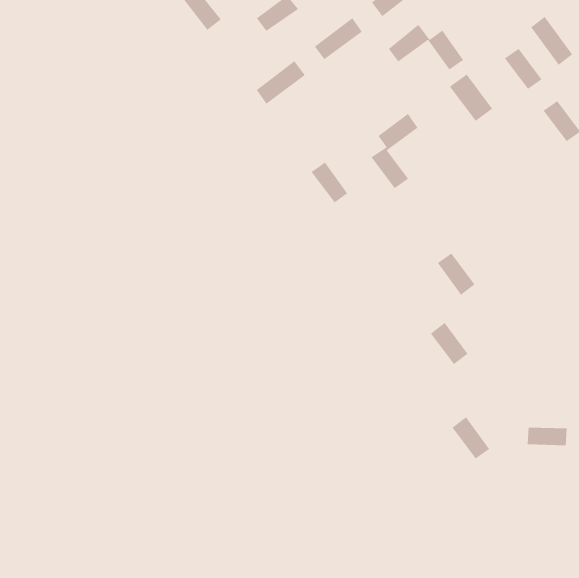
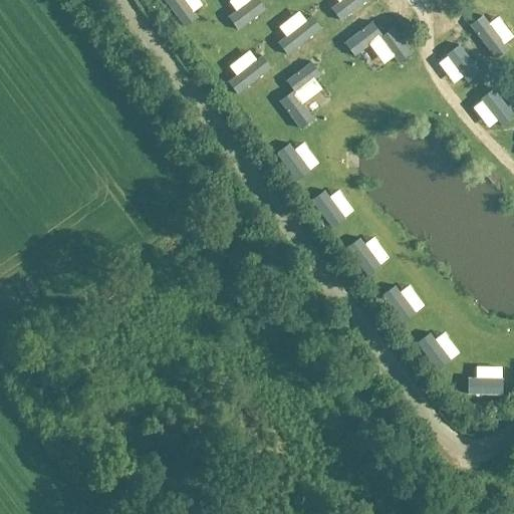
building: [449,73,493,122] -> none
building: [371,113,418,189] -> [279,60,321,127]
building: none -> [311,190,345,228]
building: [437,253,475,296] -> [346,237,380,275]
building: [451,416,490,459] -> [417,332,451,370]

